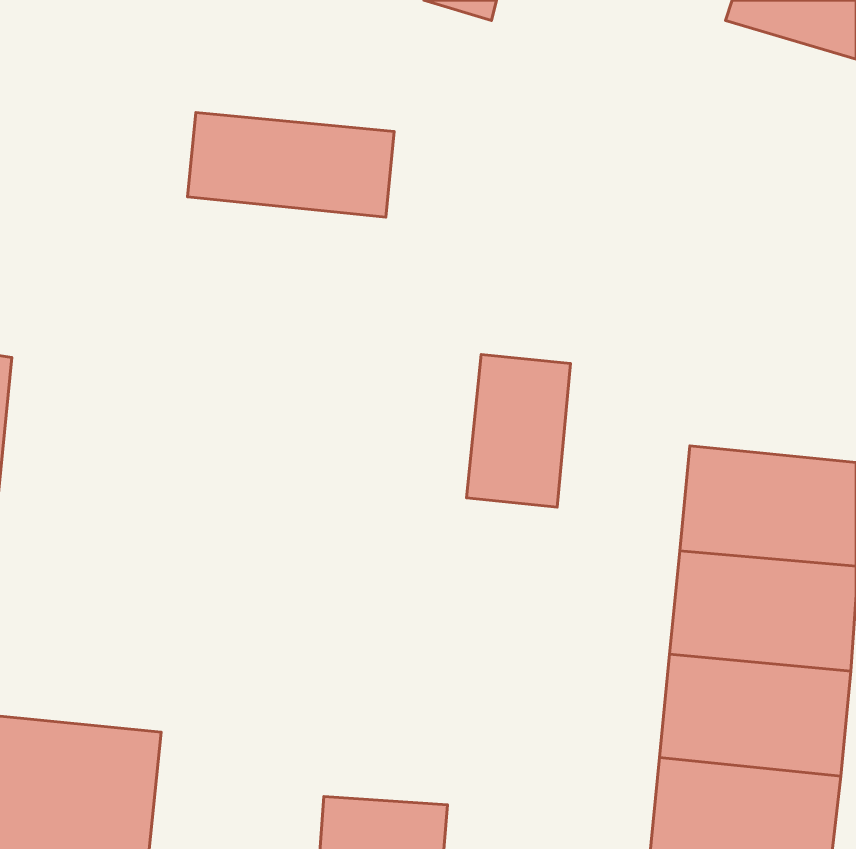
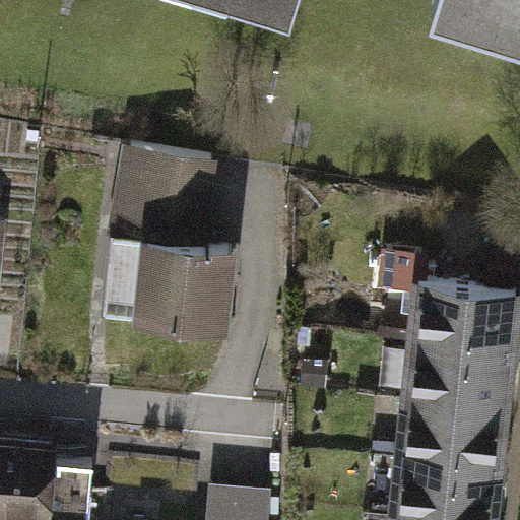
building: [188,112,394,217] -> none
building: none -> [92,148,236,334]
building: [466,355,571,507] -> none

